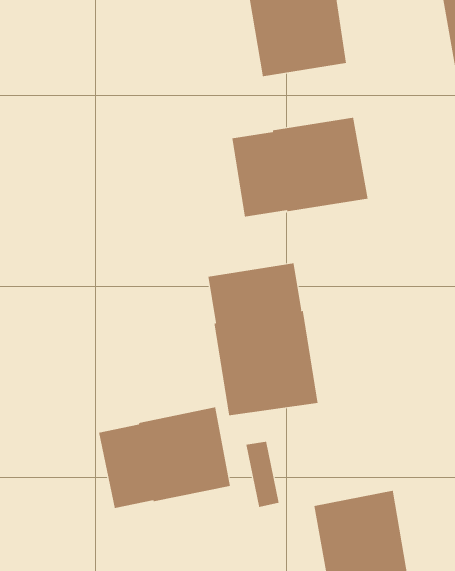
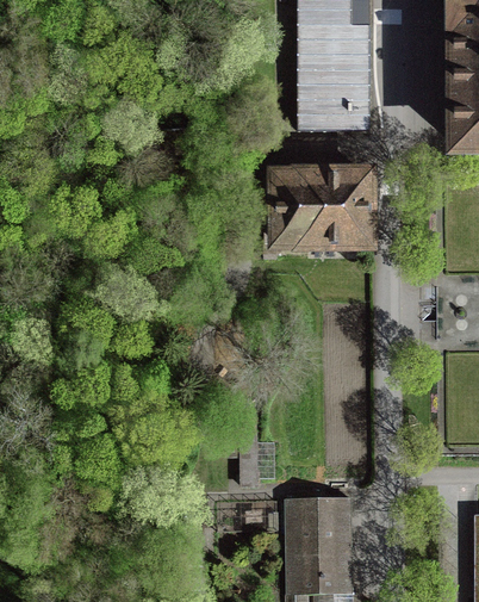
building: [208,262,318,416] -> none
building: [99,406,231,509] -> none

